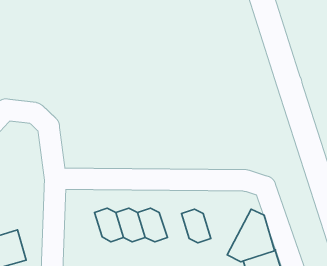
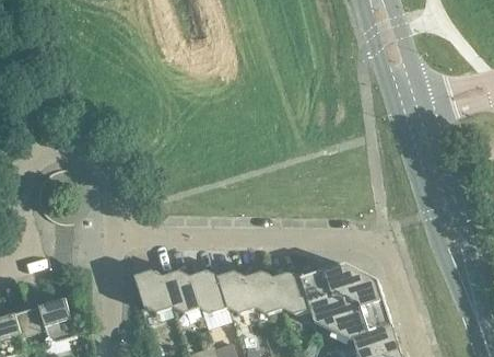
building: none -> [298,264,360,331]
building: none -> [132,270,170,313]
building: none -> [243,273,281,314]

